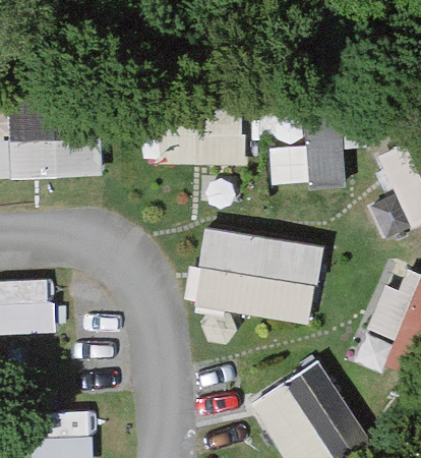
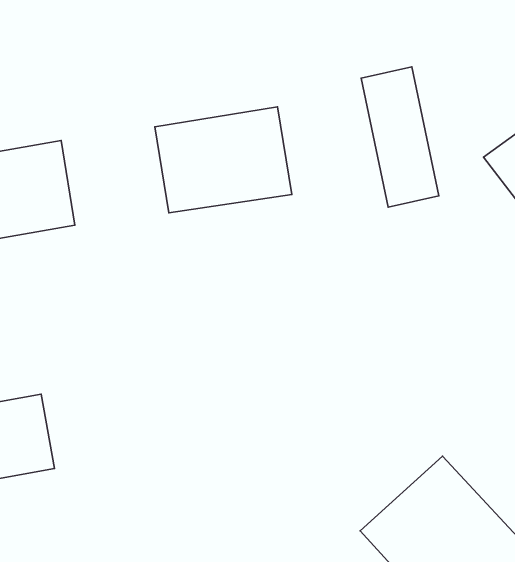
building: [192,234,321,330] -> none

